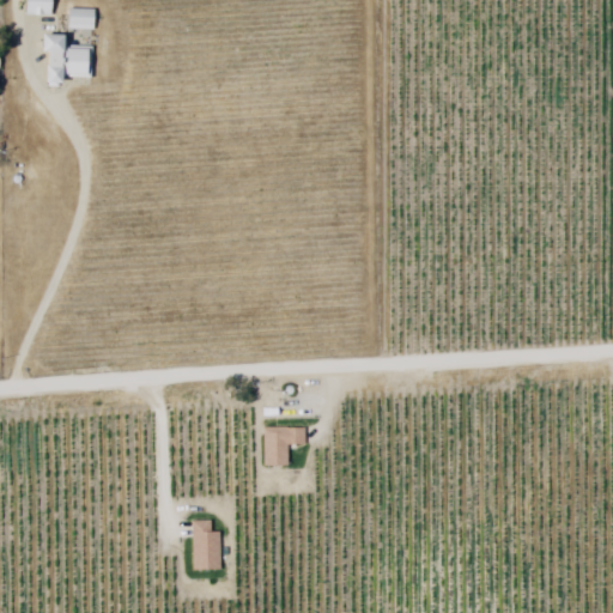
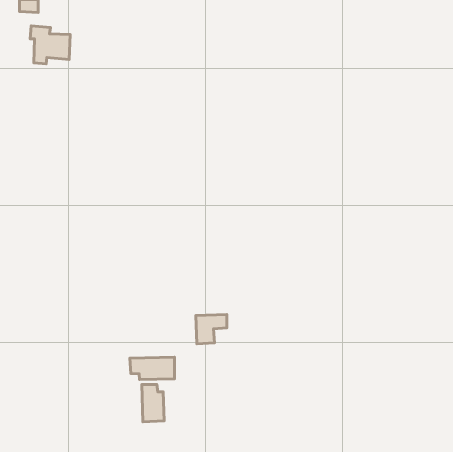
building: [68,10,96,31] -> none
building: none -> [130,357,175,379]

